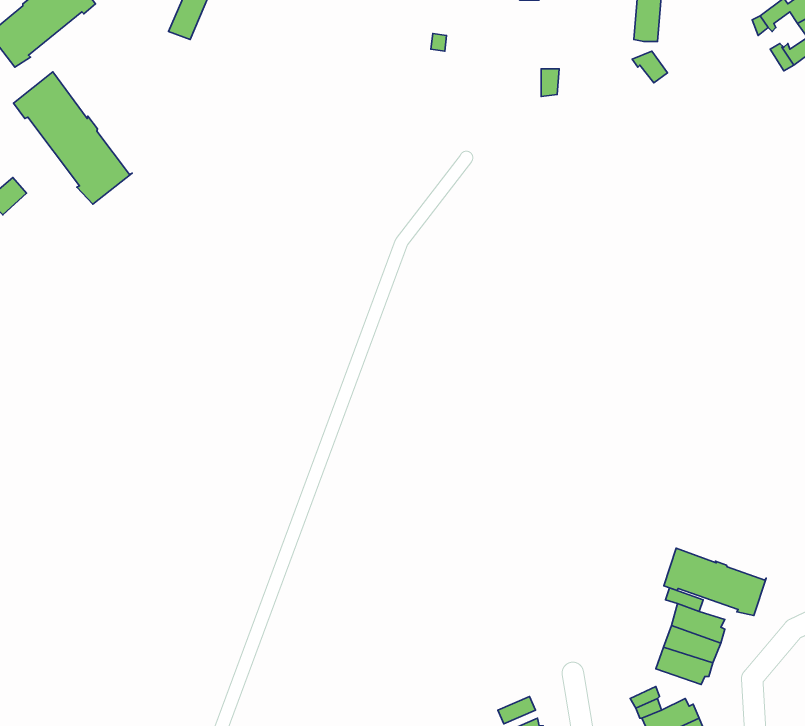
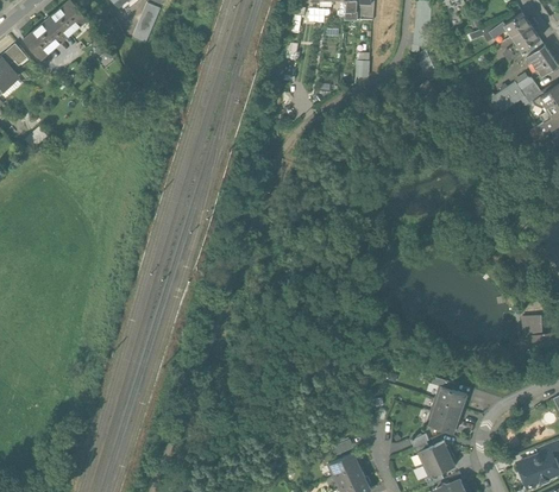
building: [14,72,132,204] -> none
building: [664,548,766,616] -> none

